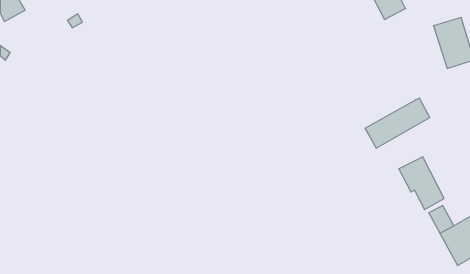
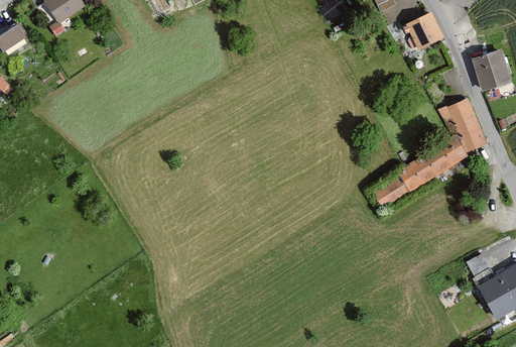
building: none -> [372,174,409,206]
building: [399,157,444,210] -> [439,99,489,156]

